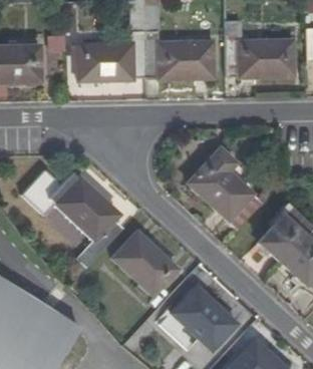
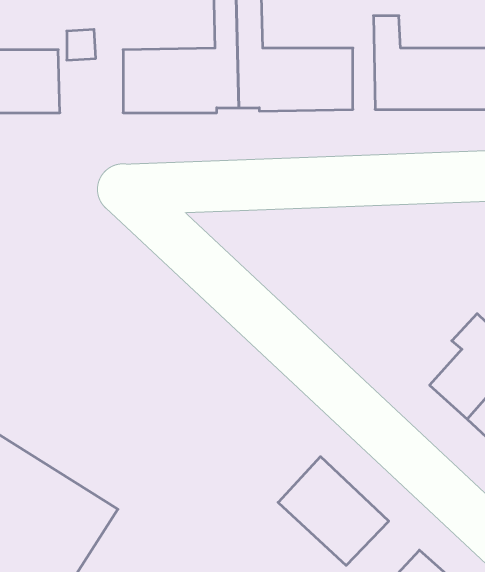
building: [189,156,264,229] -> none
building: [33,179,123,268] -> none
building: [112,230,178,295] -> none

